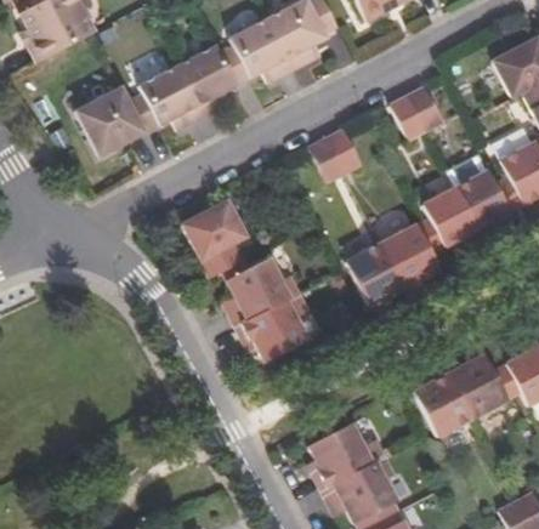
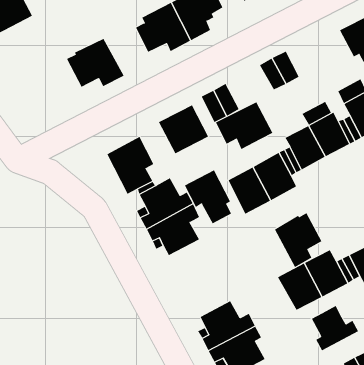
building: [178,47,238,119] -> none
building: [76,89,148,160] -> none
building: none -> [215,101,273,150]
building: none -> [158,105,209,154]
building: none -> [184,170,232,224]
building: none -> [274,212,322,268]
building: none -> [311,305,359,351]

